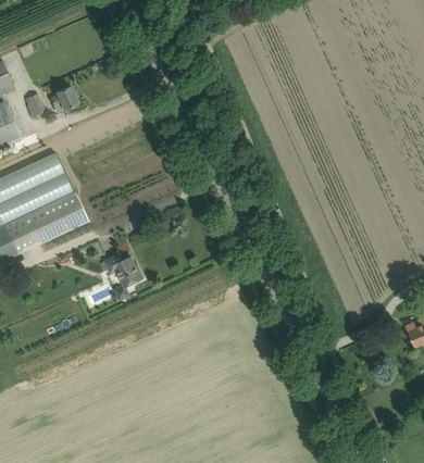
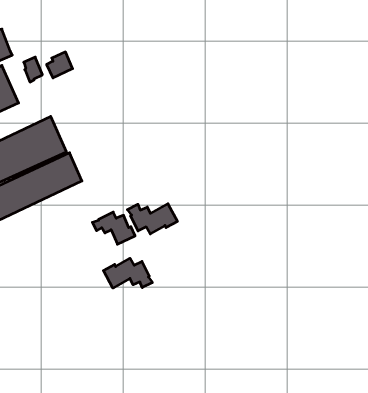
building: none -> [127,204,177,234]
building: none -> [103,258,152,288]

